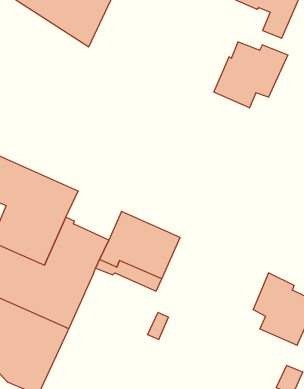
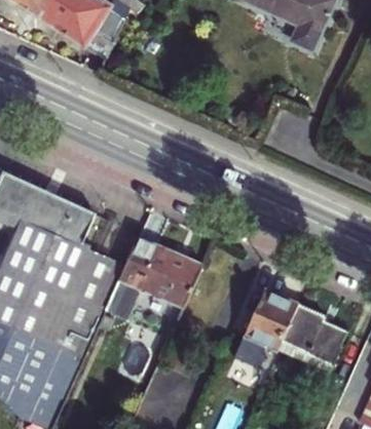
building: [214,42,288,108] -> none
building: none -> [236,285,297,368]

